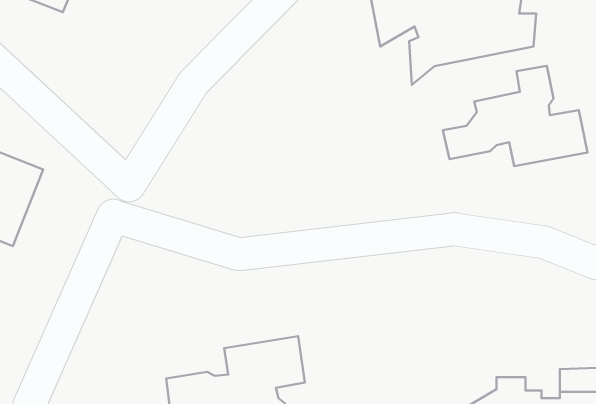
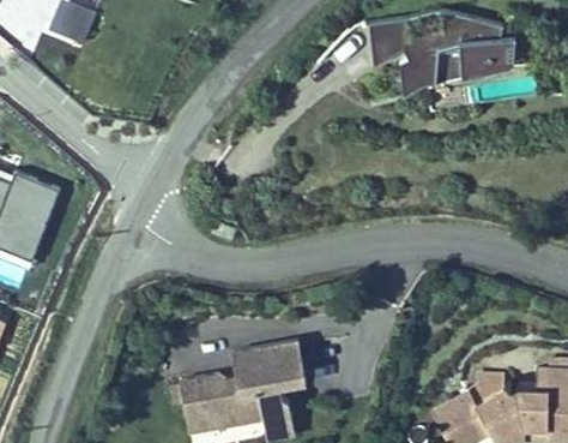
building: [443,66,588,166] -> none

